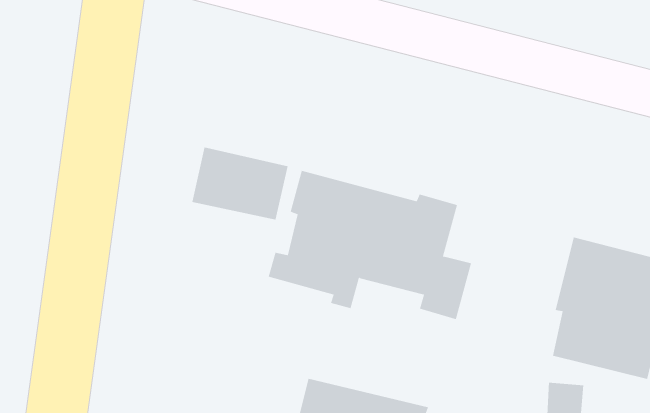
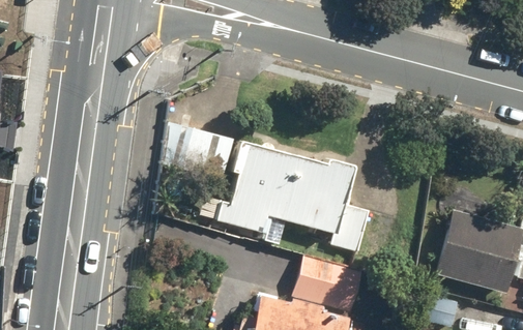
building: none -> [297,258,361,312]

